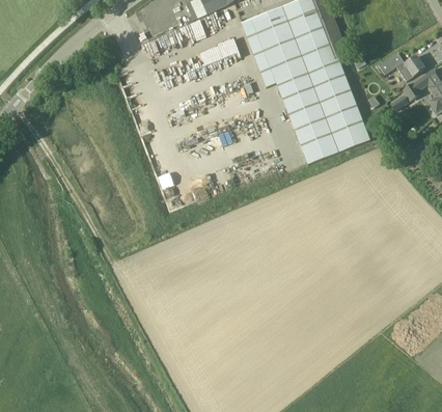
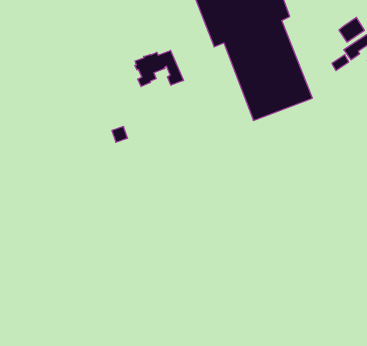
building: none -> [135,50,183,87]

